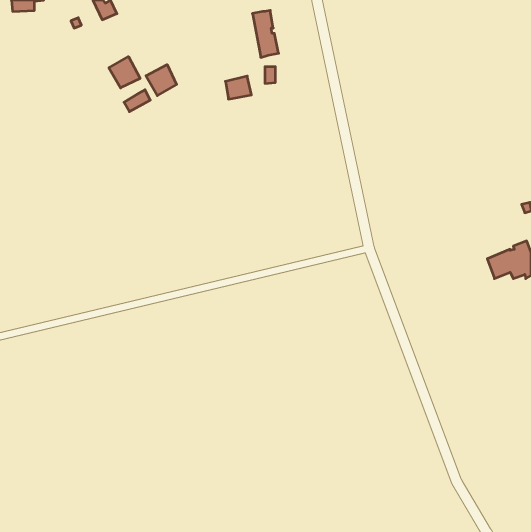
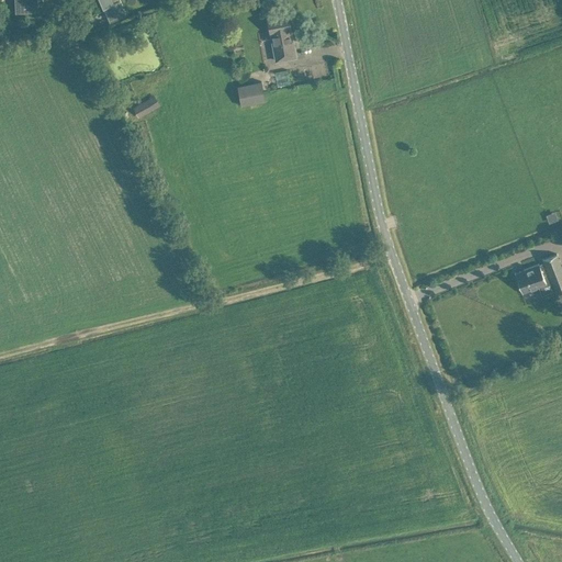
building: [109,57,140,88] -> none
building: [146,65,177,96] -> none

